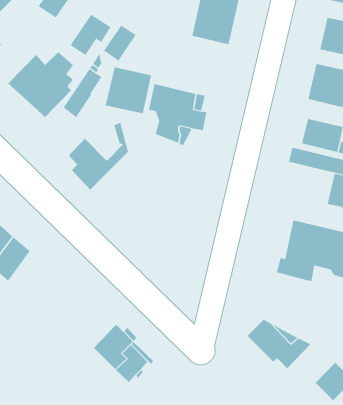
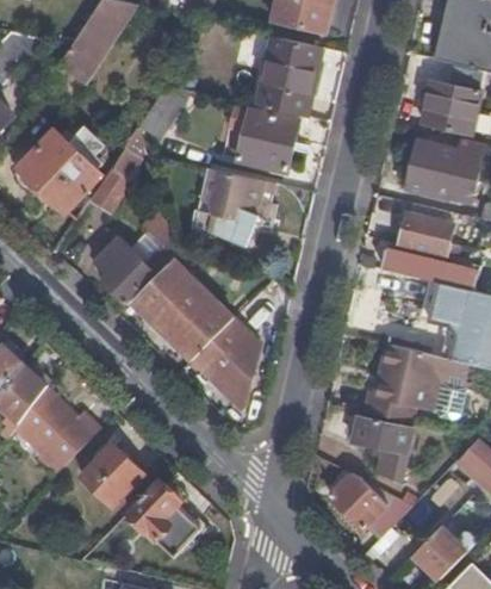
building: [70,14,111,56] -> none
building: [105,67,152,114] -> [236,110,297,170]
building: none -> [132,262,259,407]
building: none -> [14,389,98,471]
building: none -> [349,413,411,483]
building: none -> [80,442,141,504]

